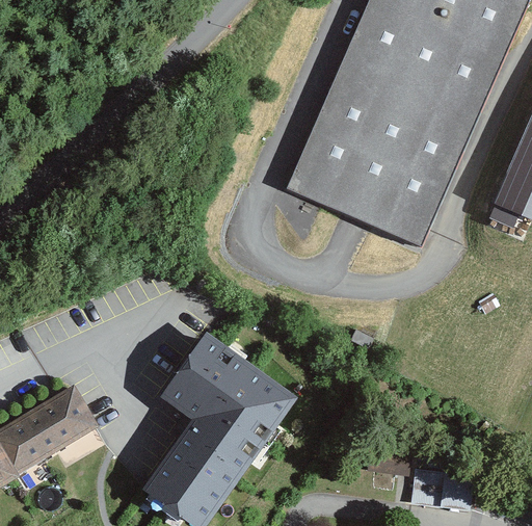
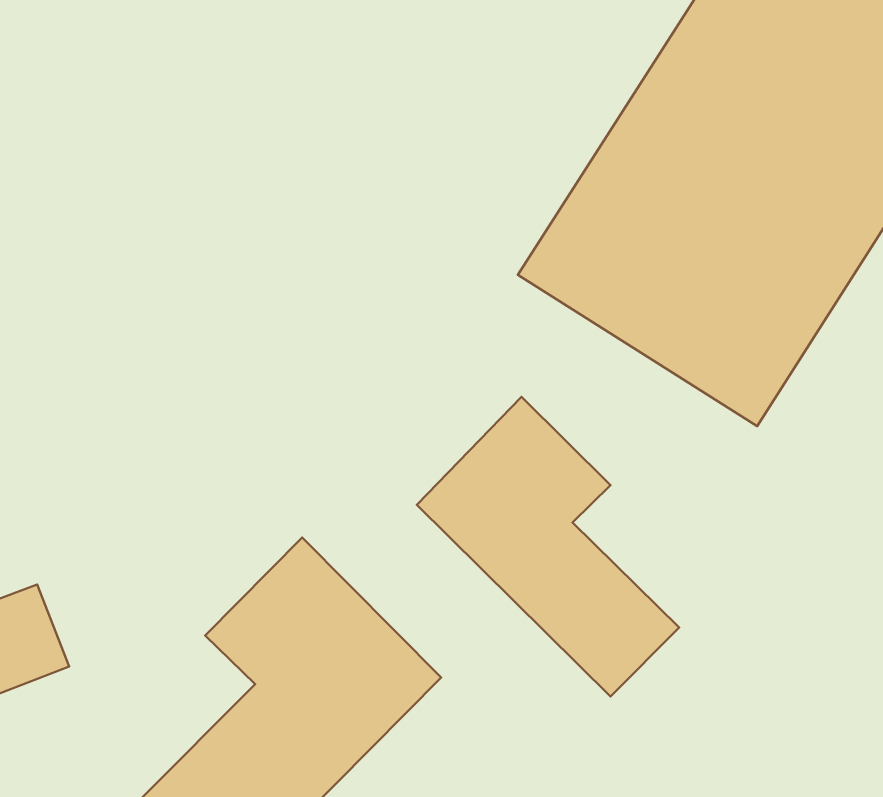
building: none -> [417,397,679,696]

